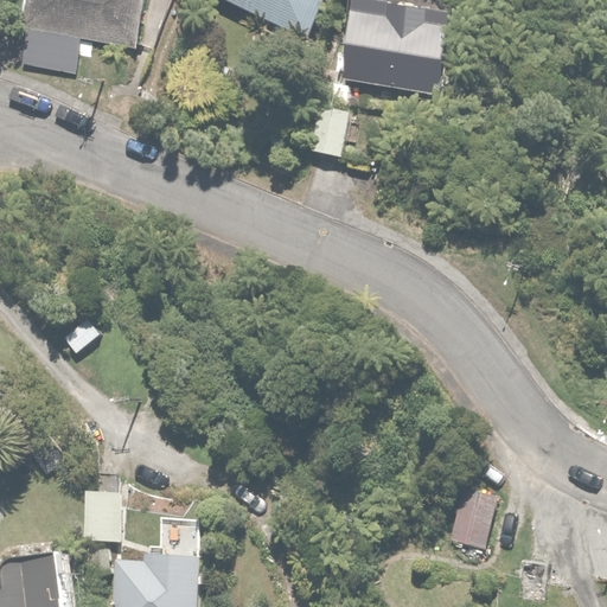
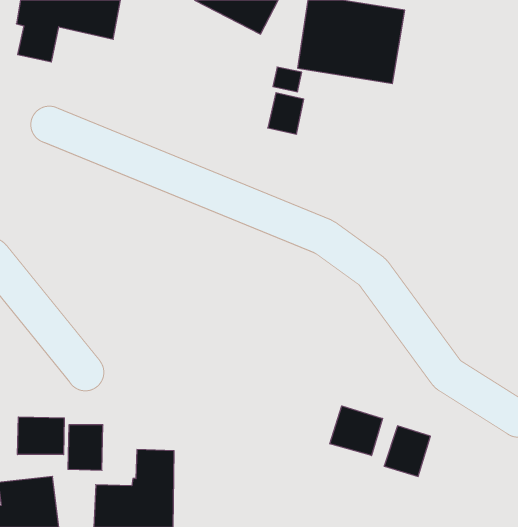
building: none -> [330,406,383,456]
building: none -> [18,417,64,455]

